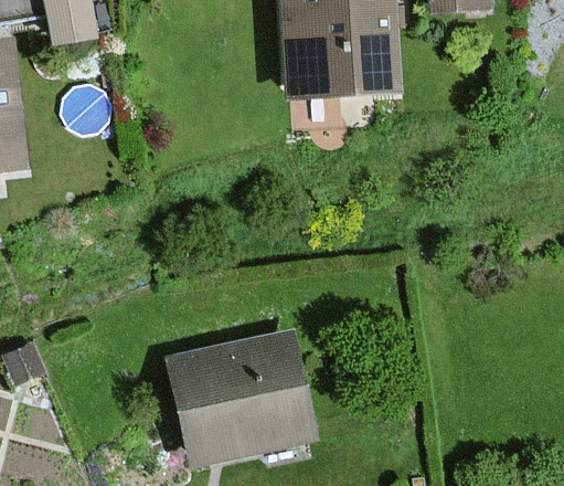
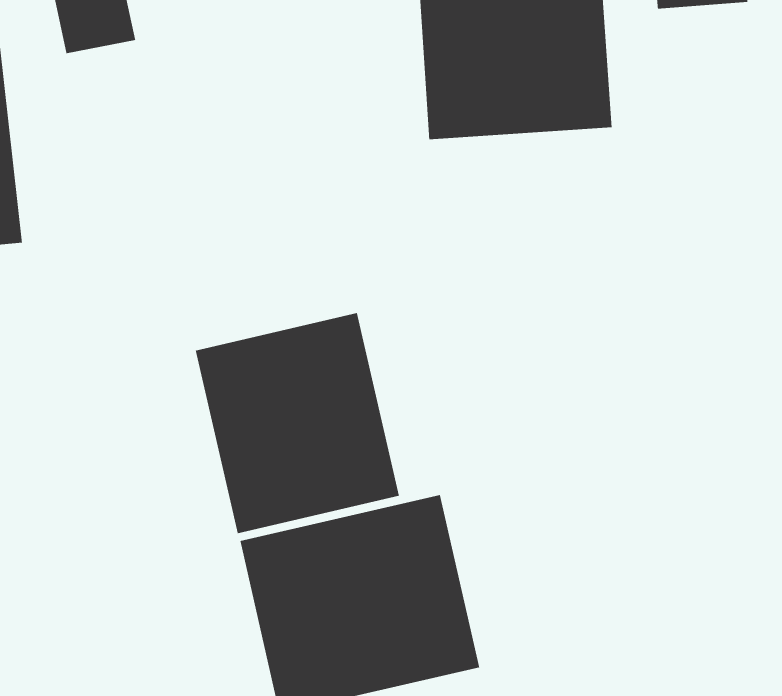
building: none -> [195,312,400,534]

